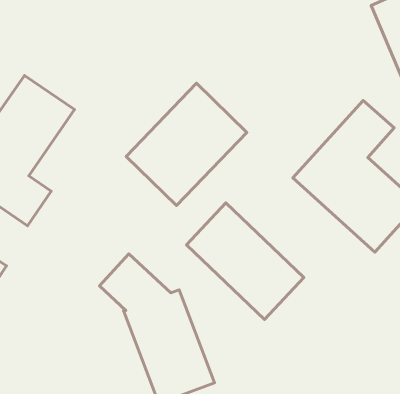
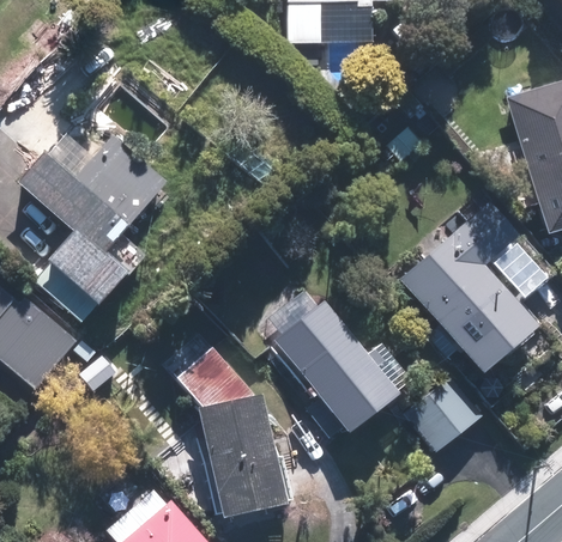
building: [126,83,247,206] -> none
building: none -> [404,378,479,452]

